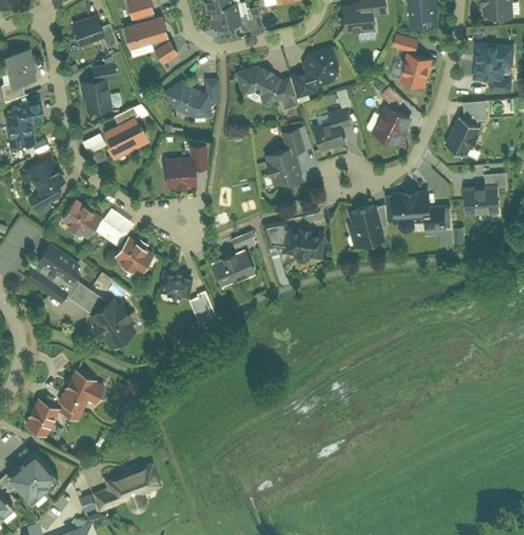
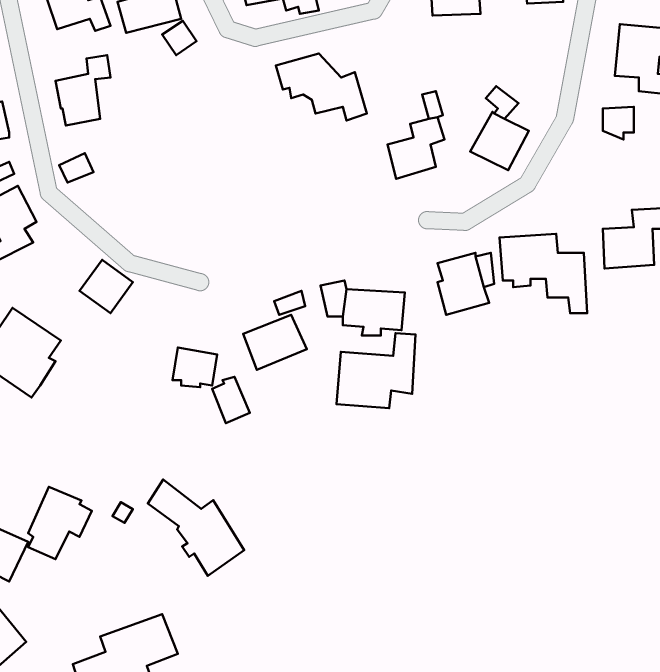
building: [393,35,433,89] -> none
building: [290,47,340,98] -> none
building: [163,78,220,116] -> none
building: [103,108,150,160] -> none
building: [445,115,482,155] -> none
building: [263,127,306,187] -> none
building: [164,146,207,189] -> none
building: [59,198,102,239] -> none
building: [113,237,153,275] -> none
building: none -> [337,333,416,408]
building: [68,280,136,348] -> [148,480,244,576]

